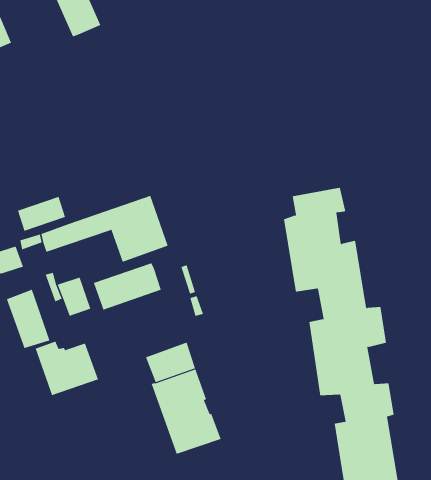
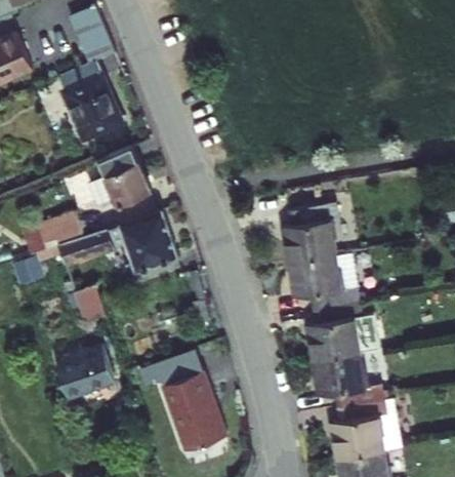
building: none -> [57,63,121,140]
building: none -> [87,147,150,207]
building: [93,262,162,310] -> none
building: [6,289,50,349] -> none

